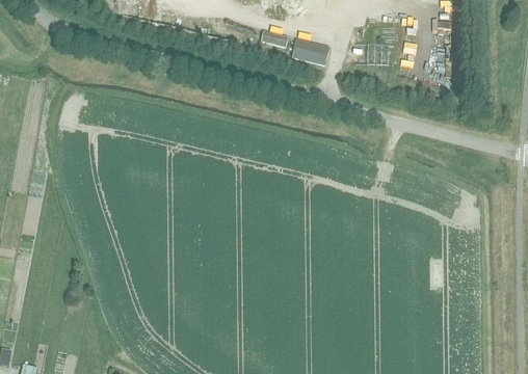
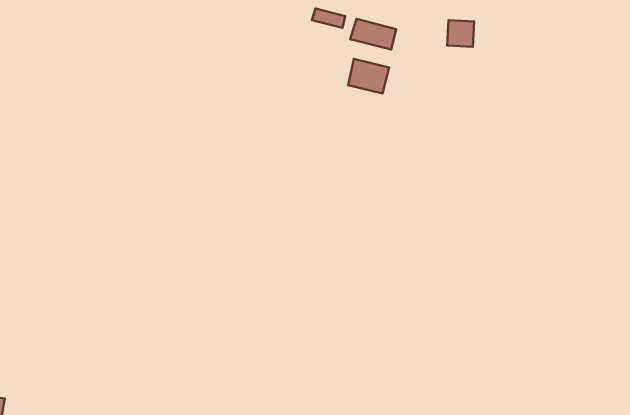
building: none -> [348,59,389,94]

